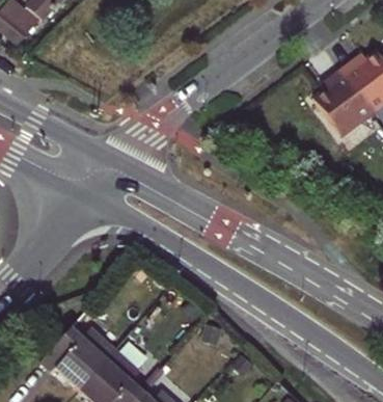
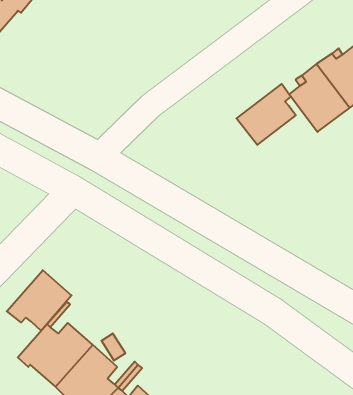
building: none -> [236,84,296,145]
building: none -> [7,270,72,331]

